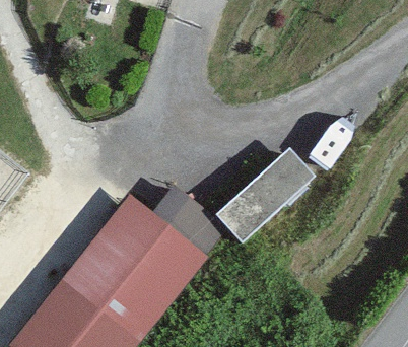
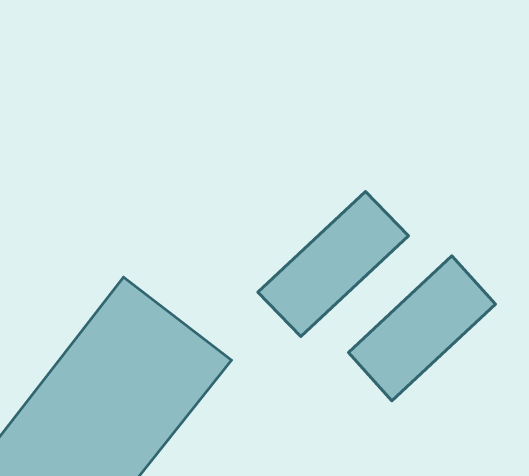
building: none -> [348,256,496,401]

